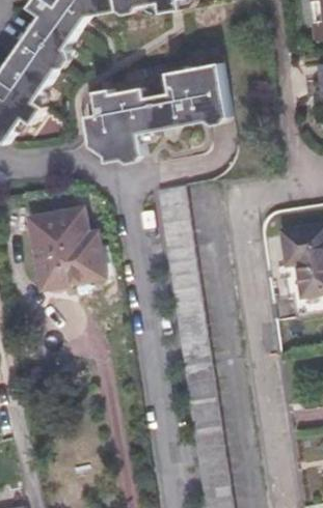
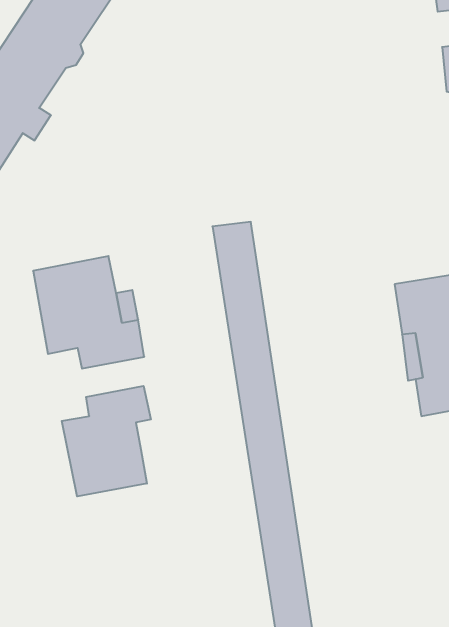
building: [83,57,230,158] -> none
building: none -> [62,386,151,496]

